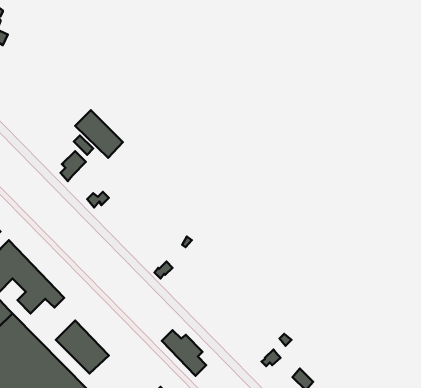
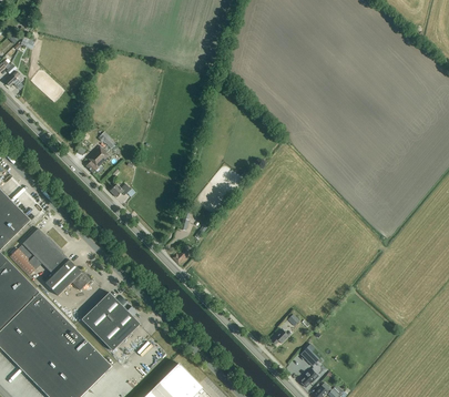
building: [75,110,123,158] -> none
building: [162,330,206,376] -> [99,293,140,335]

